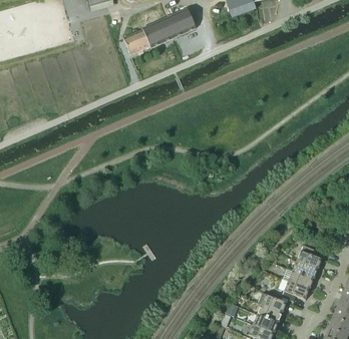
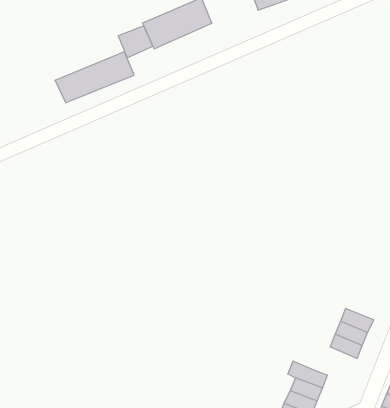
building: none -> [55,52,134,103]
building: [281,280,310,302] -> none

